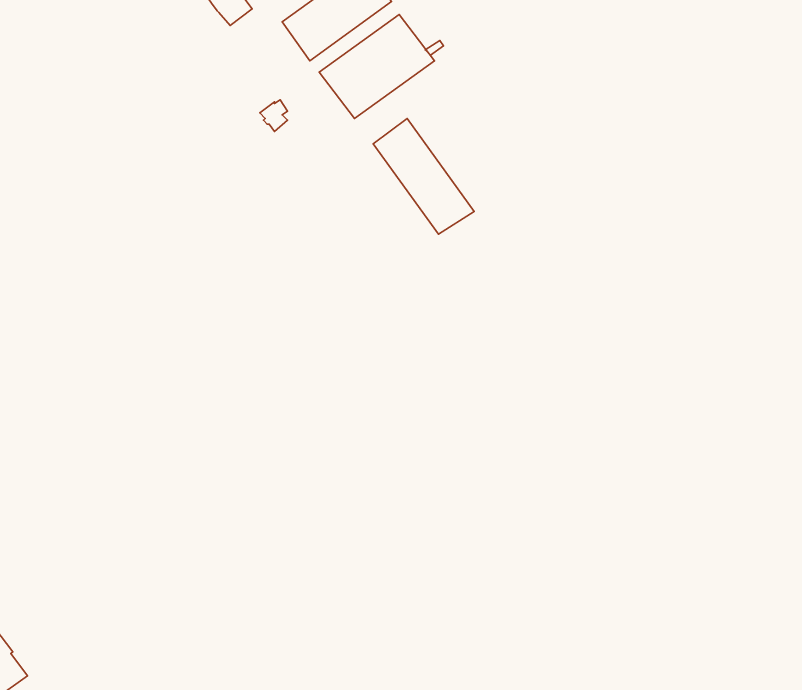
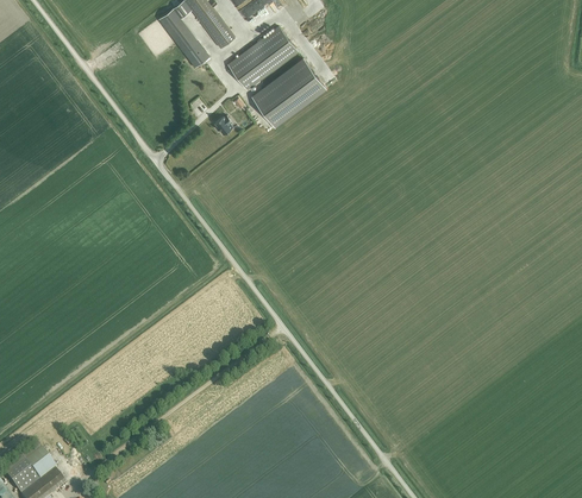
building: [373,118,474,234] -> none

